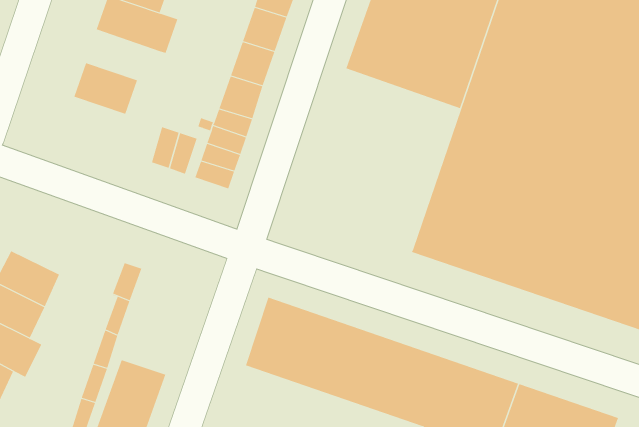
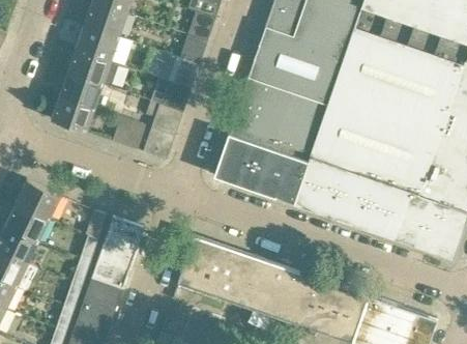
building: none -> [66,51,118,89]
building: none -> [212,78,326,203]
building: none -> [50,97,94,134]
building: none -> [14,181,60,221]
building: none -> [91,219,143,290]

